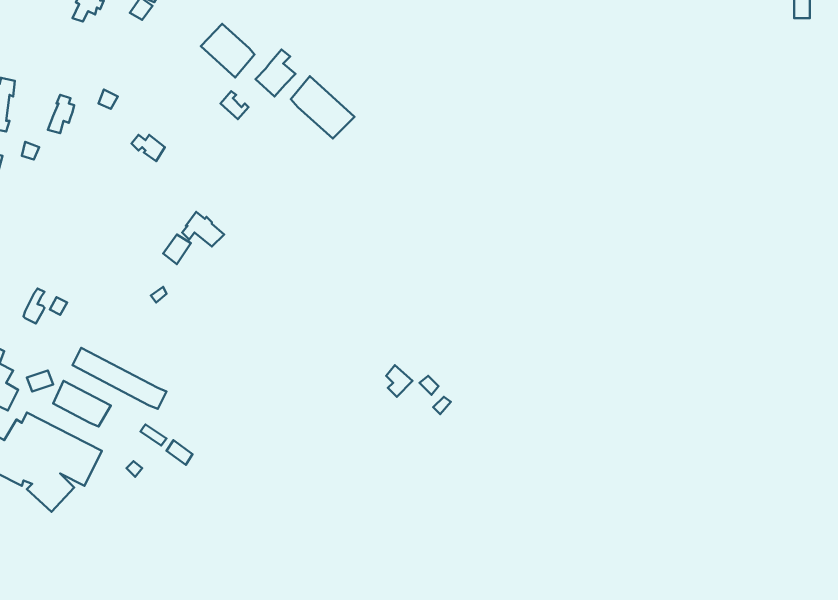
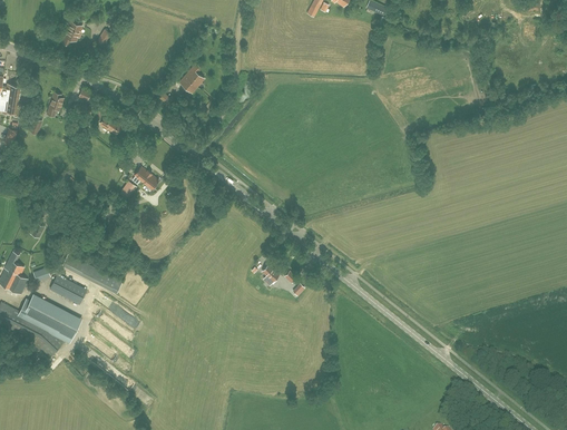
building: [201,24,255,77] -> none
building: [291,76,354,139] -> none

